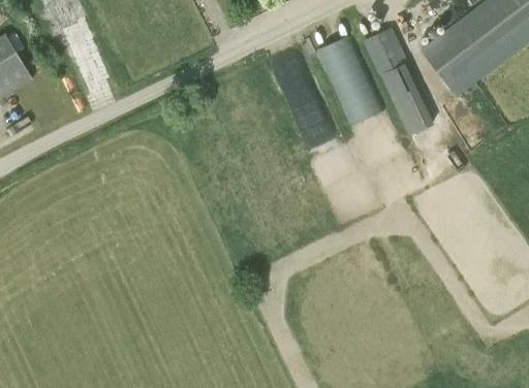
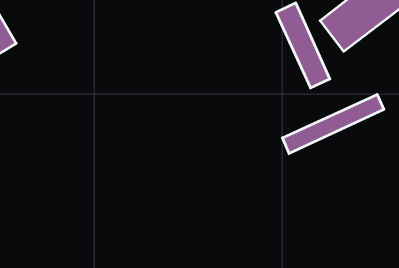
building: [316,37,384,126] -> none
building: none -> [282,94,384,154]

